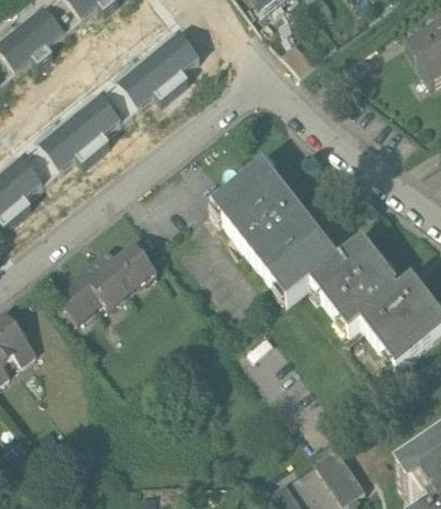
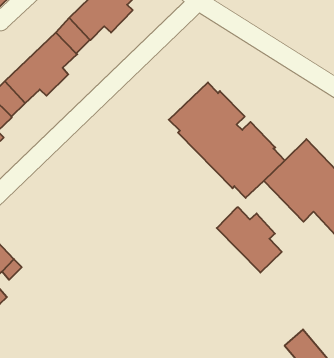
building: [56,241,155,311] -> none
building: none -> [217,207,282,273]

